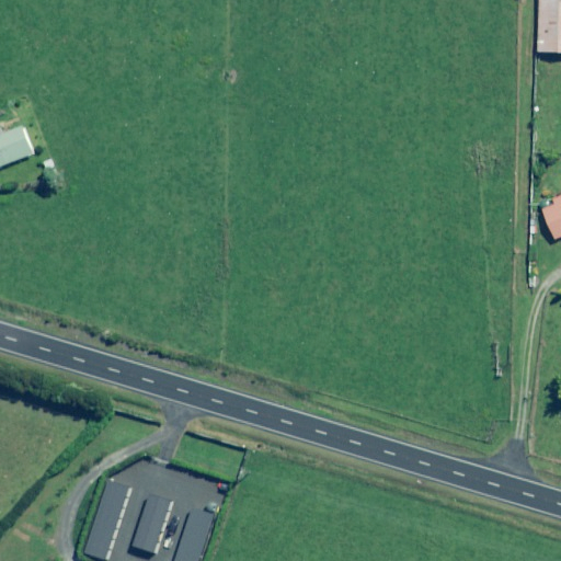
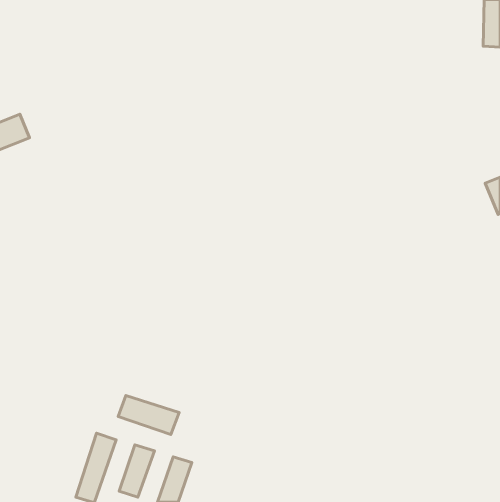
building: none -> [118,396,179,434]

